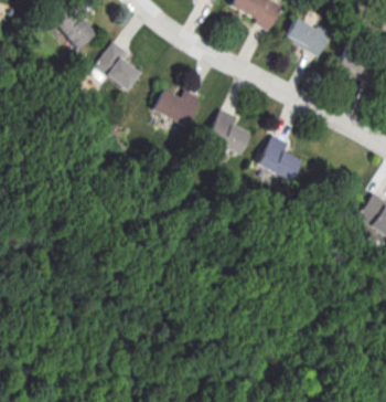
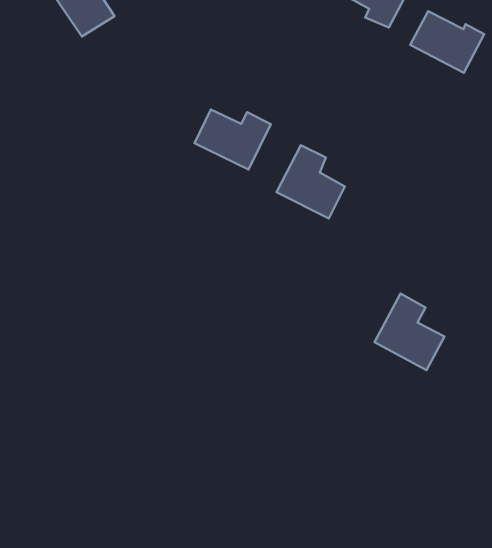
building: [95,40,140,89] -> none
building: [257,134,301,181] -> [374,294,444,370]

